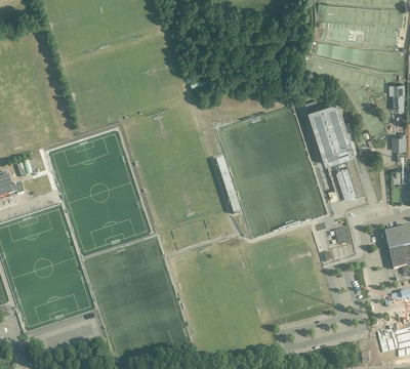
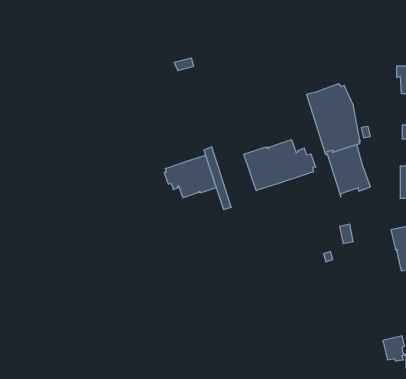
building: none -> [244,140,316,191]
building: none -> [164,155,216,198]

